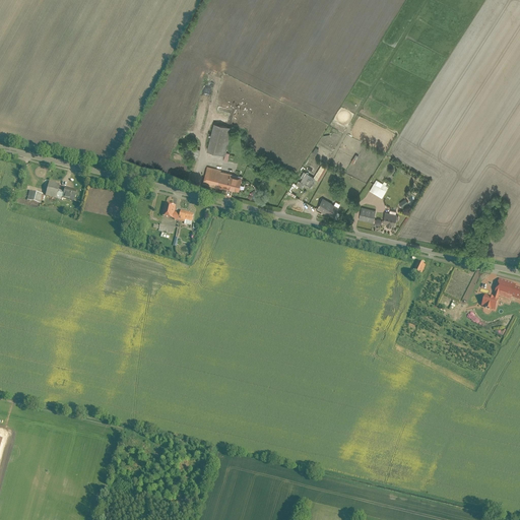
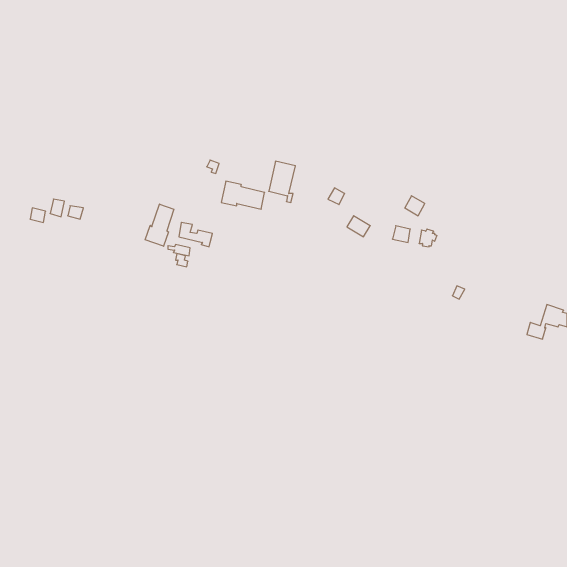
building: [207,123,232,160] -> [269,161,295,202]
building: none -> [145,204,174,246]

